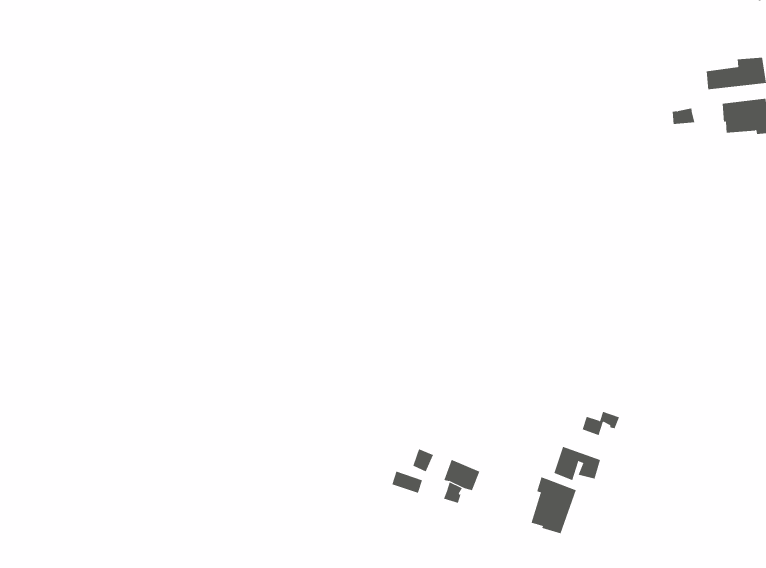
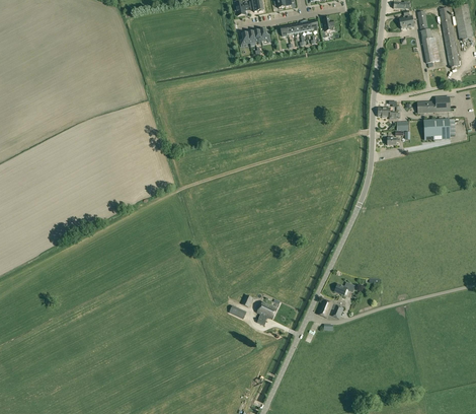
building: [531,477,577,534] -> none

